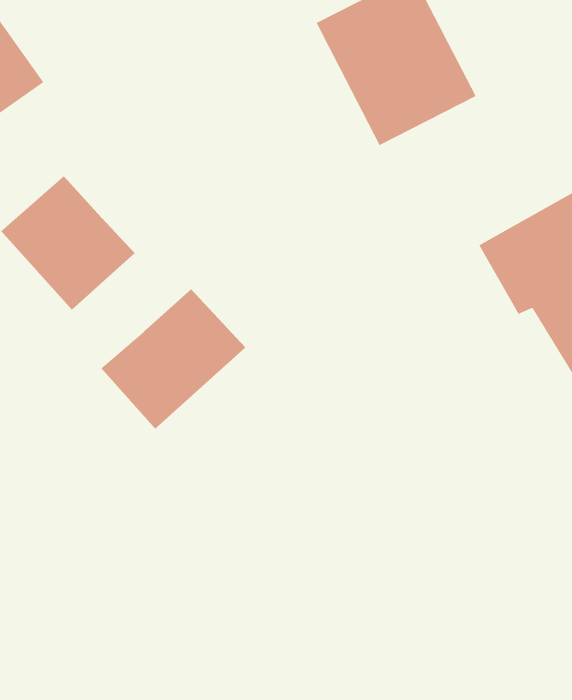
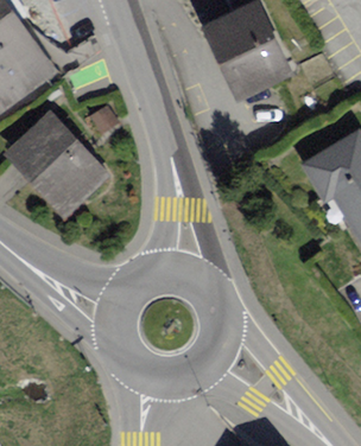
building: [101,288,246,429] -> none

